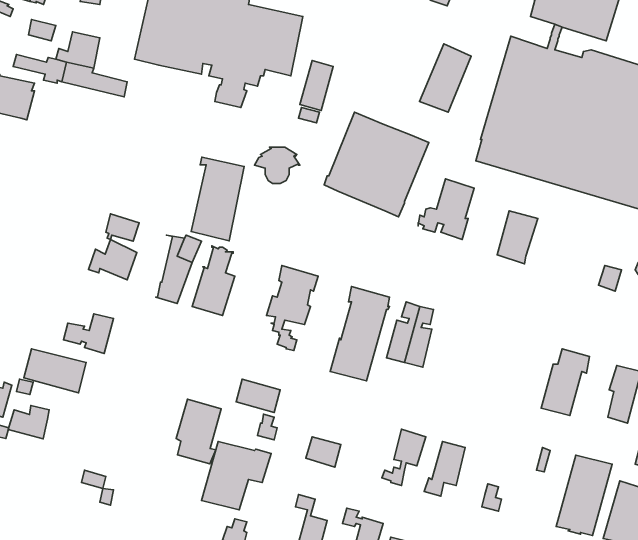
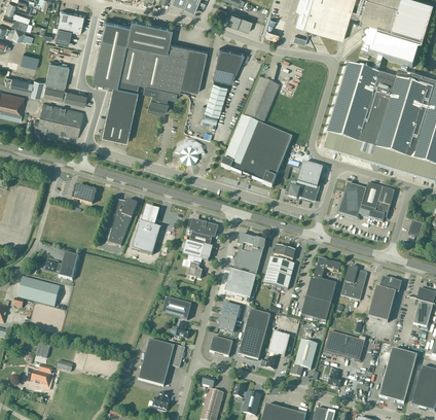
building: none -> [213,46,245,81]
building: [420,44,471,112] -> [244,76,279,122]
building: none -> [33,102,83,137]
building: [191,157,244,241] -> [102,83,138,140]
building: none -> [358,182,395,220]
building: [88,240,137,280] -> none
building: none -> [301,257,340,321]
building: none -> [340,266,367,300]
building: none -> [218,302,240,331]
building: none -> [239,309,270,359]
building: [176,399,221,464] -> none
building: [8,405,49,439] -> [25,363,52,386]
building: none -> [324,330,365,360]

